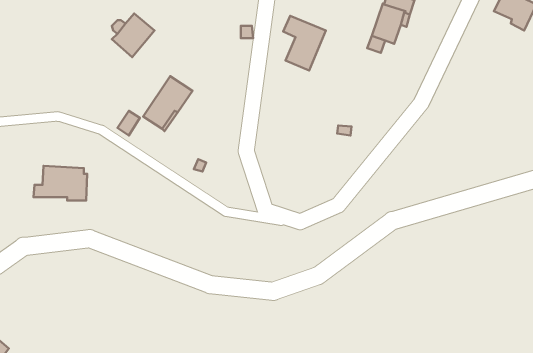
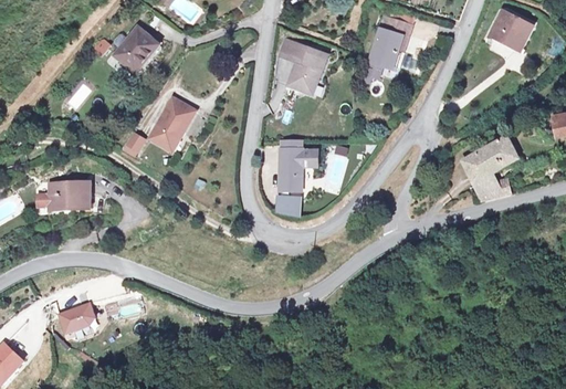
building: none -> [463,139,518,202]
building: none -> [283,148,321,187]
building: none -> [279,193,306,215]
building: none -> [60,298,102,334]

